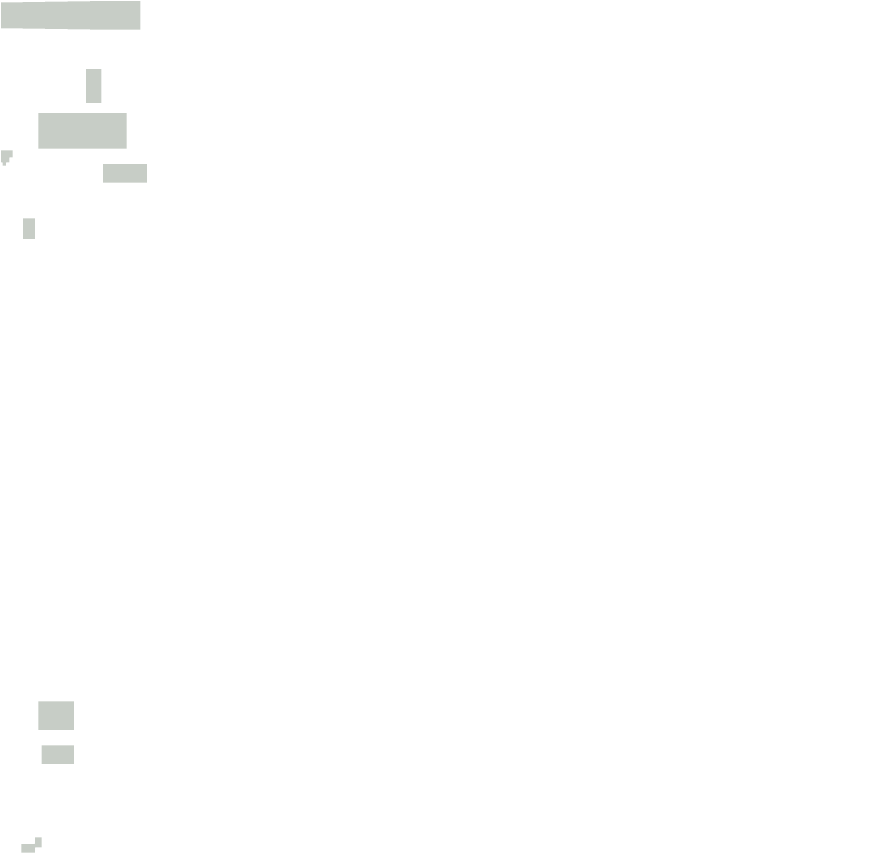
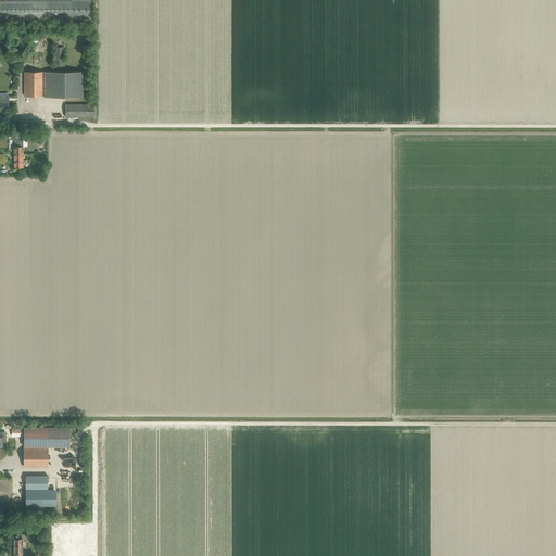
building: none -> [24,428,70,447]
building: none -> [26,490,56,506]

